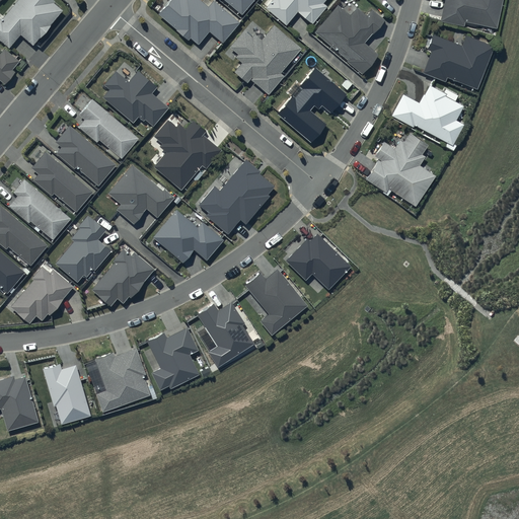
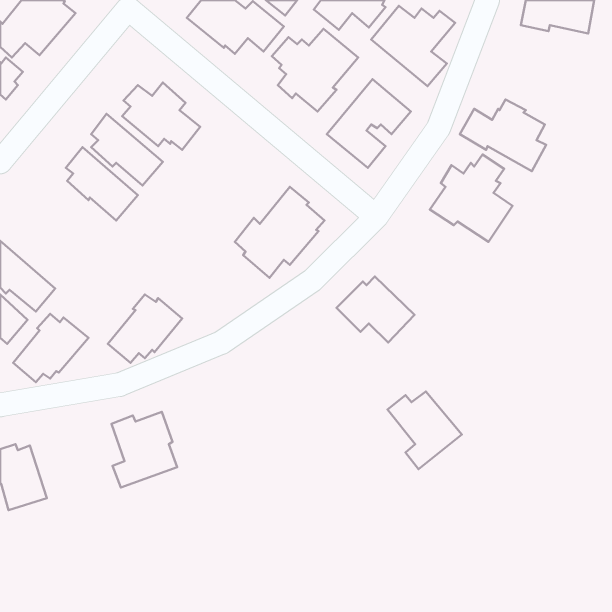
building: [421,32,493,87] -> none
building: [154,121,221,190] -> none
building: [30,150,92,211] -> none
building: [108,165,175,225] -> none
building: [8,177,70,238] -> none
building: [153,210,224,263] -> none
building: [56,215,112,282] -> none
building: [245,270,308,336] -> [388,391,462,469]
building: [197,303,255,368] -> none
building: [147,328,200,390] -> none
building: [43,363,91,425] -> none

